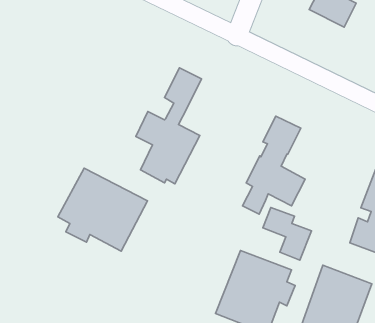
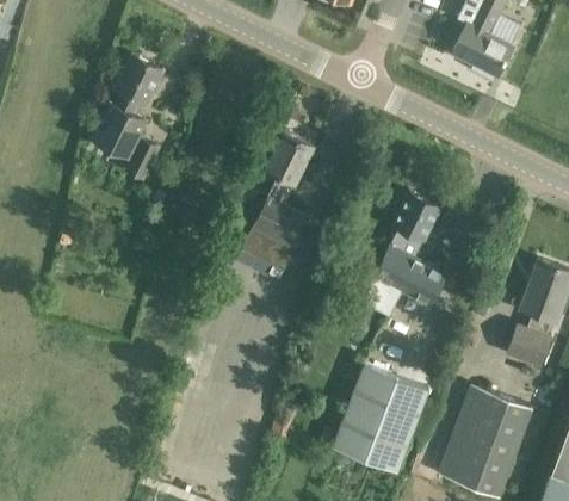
building: none -> [92,55,162,178]
building: [58,168,147,251] -> none
building: [263,208,311,260] -> none

